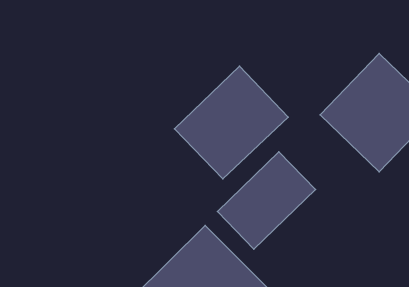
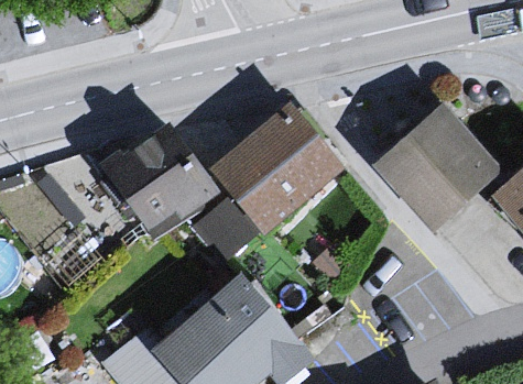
building: none -> [99,132,213,235]
building: [218,152,316,249] -> none

